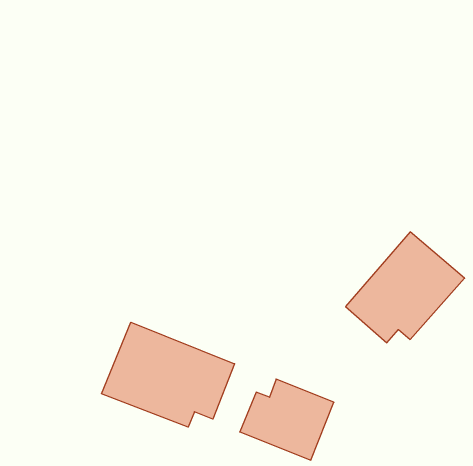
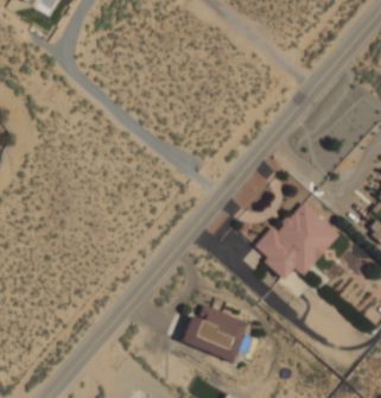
building: [101,322,235,427] -> none

